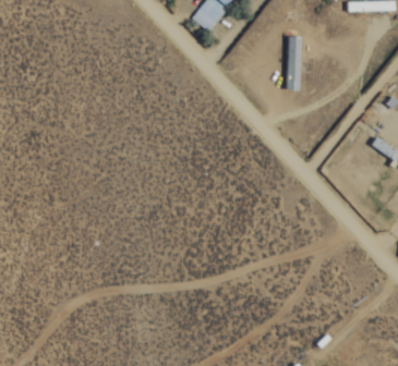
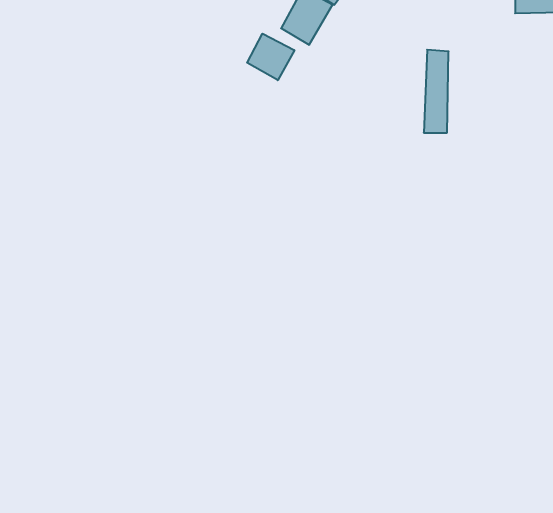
building: none -> [247,34,294,80]

